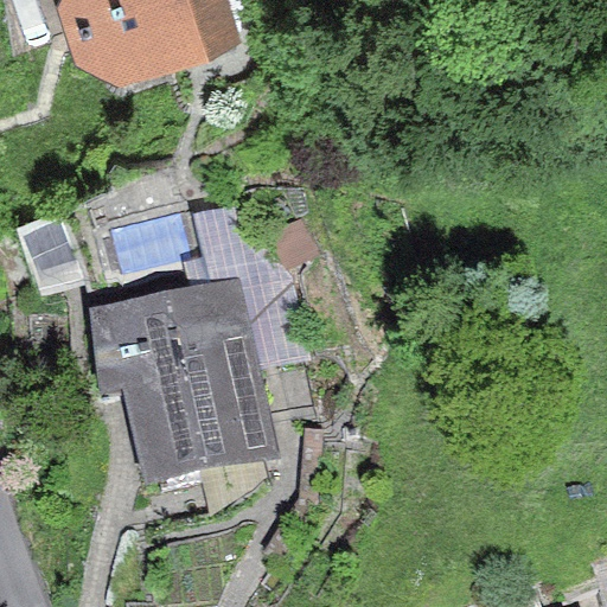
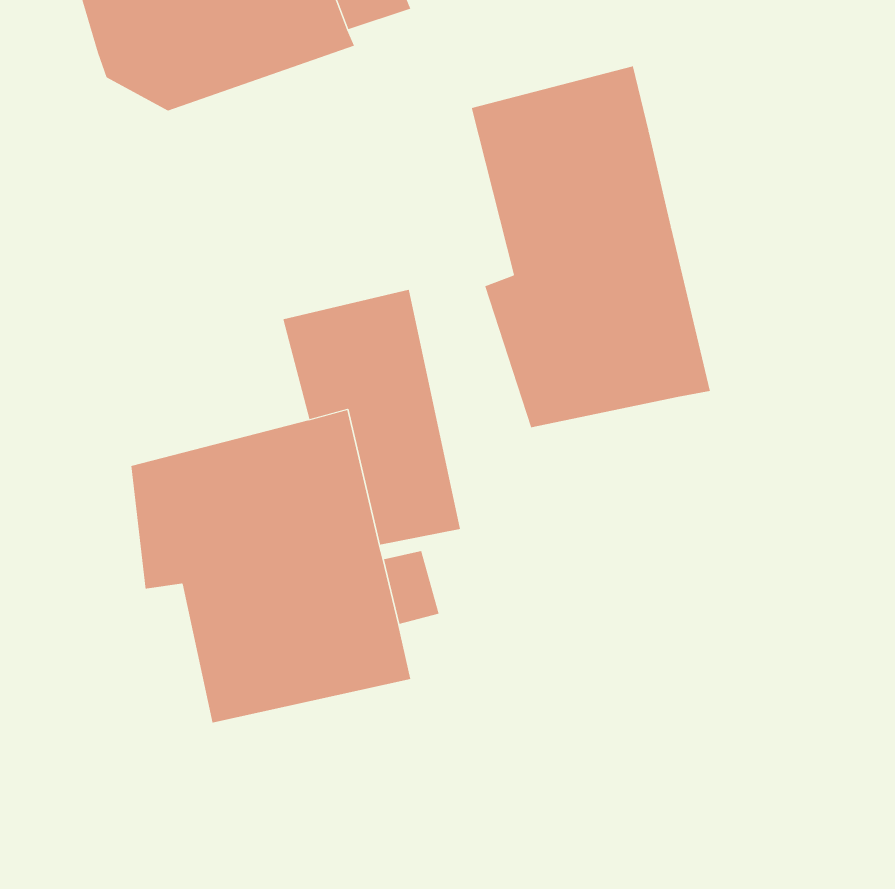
building: none -> [471,66,711,428]

